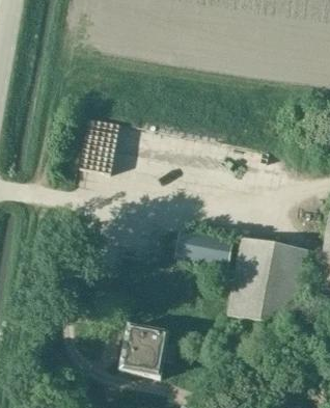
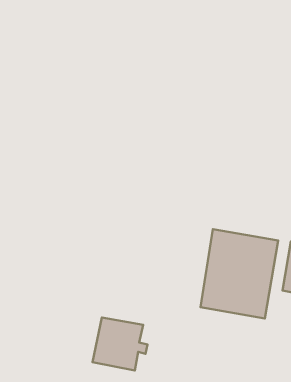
building: [177,230,230,267] -> none

